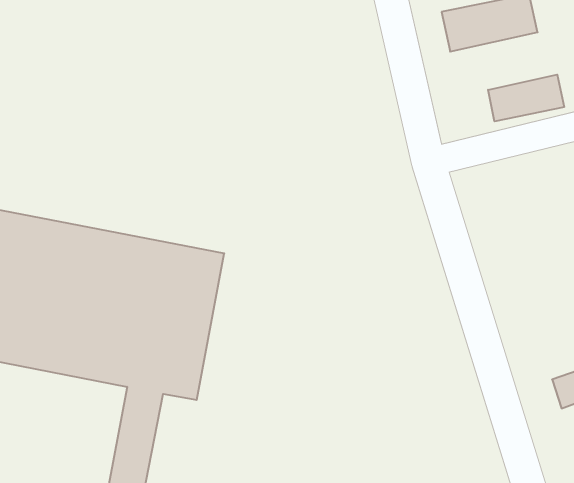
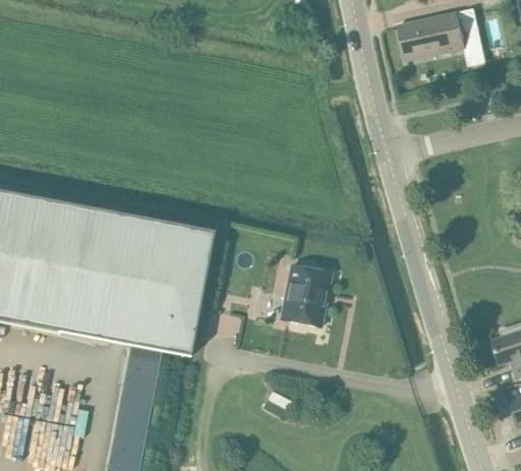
building: [488,75,564,121] -> none
building: none -> [280,263,331,326]

